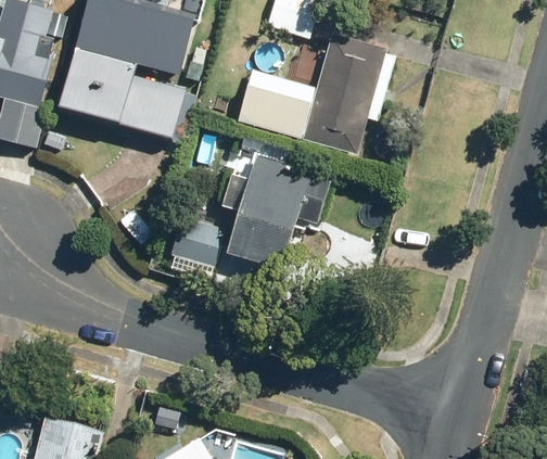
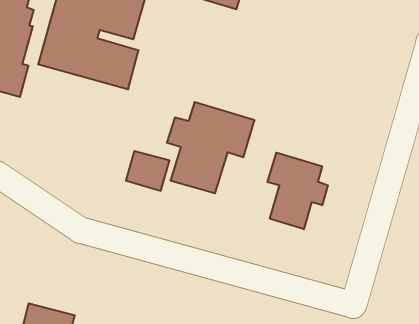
building: [237,33,394,153] -> none
building: none -> [268,153,328,229]

